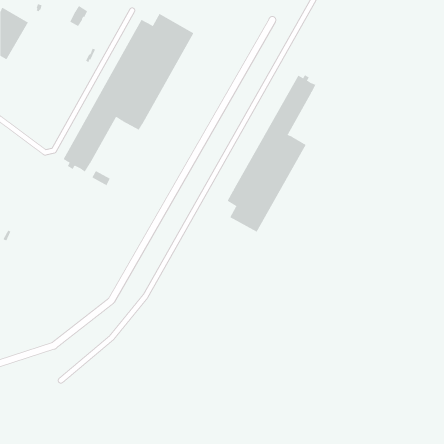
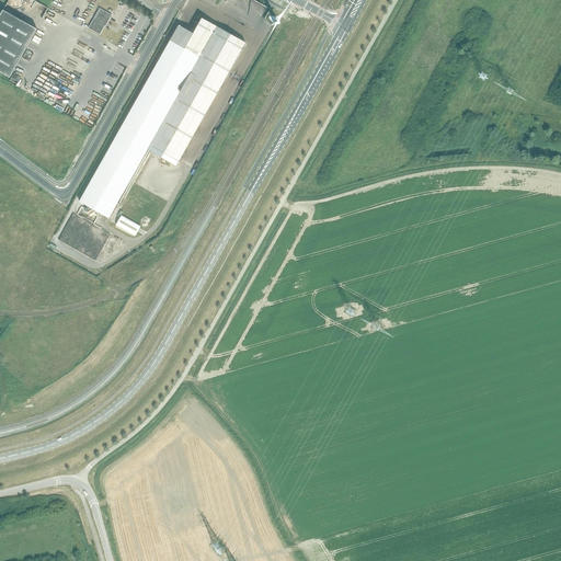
building: [227,75,316,233] -> none

